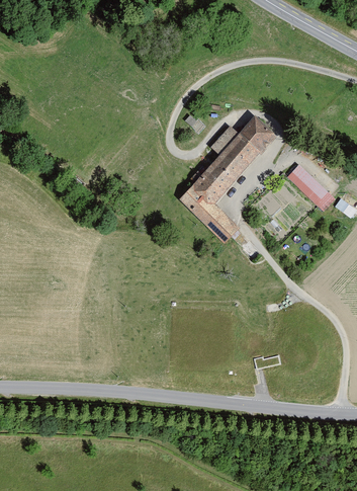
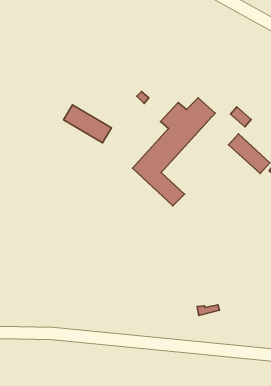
building: none -> [64,105,111,143]

